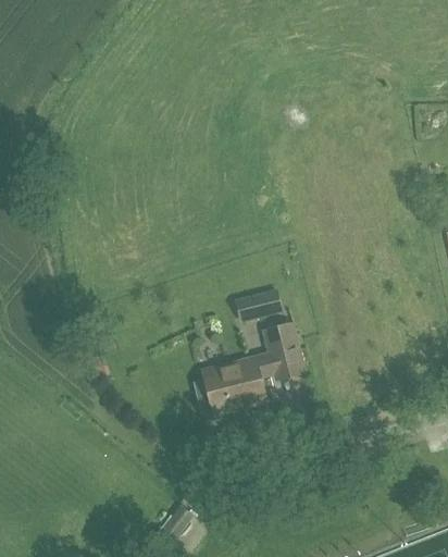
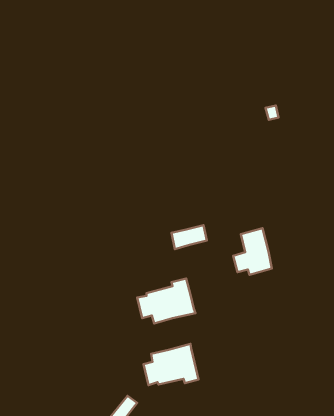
building: [256,322,304,381] -> [233,228,272,275]
building: none -> [143,344,199,385]

